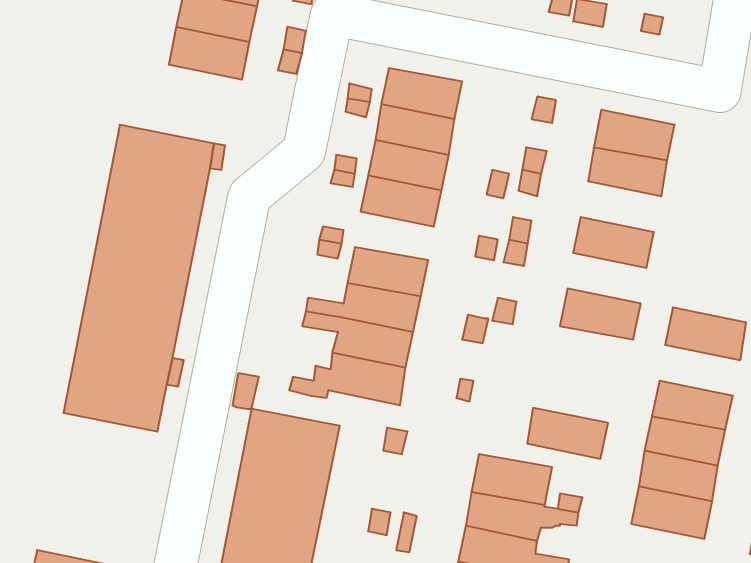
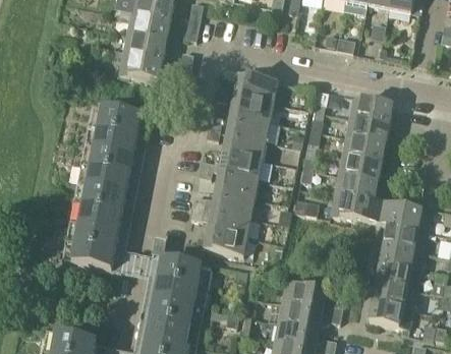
building: none -> [341,134,385,162]
building: none -> [219,151,262,177]
building: none -> [334,173,377,200]
building: [527,408,608,459] -> [384,223,428,250]

